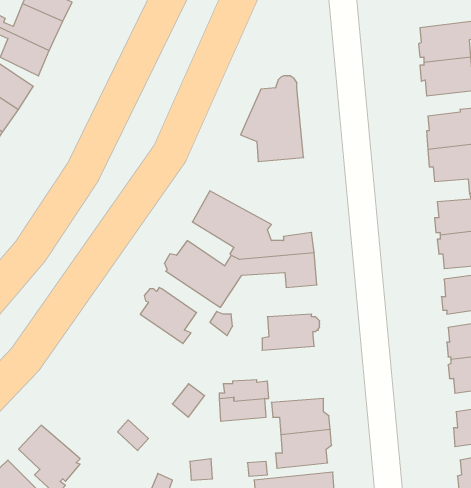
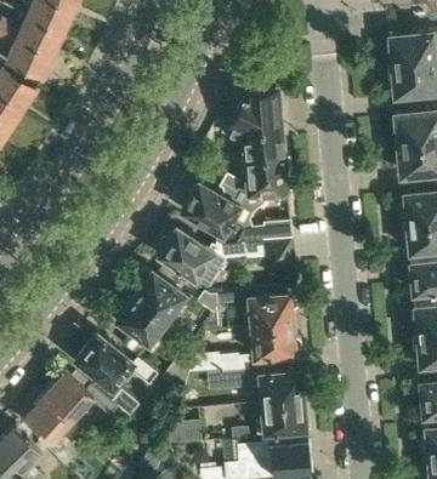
building: none -> [239,153,286,203]
building: none -> [117,295,174,343]
building: none -> [245,324,302,358]
building: none -> [76,333,158,387]
building: none -> [45,371,119,420]

